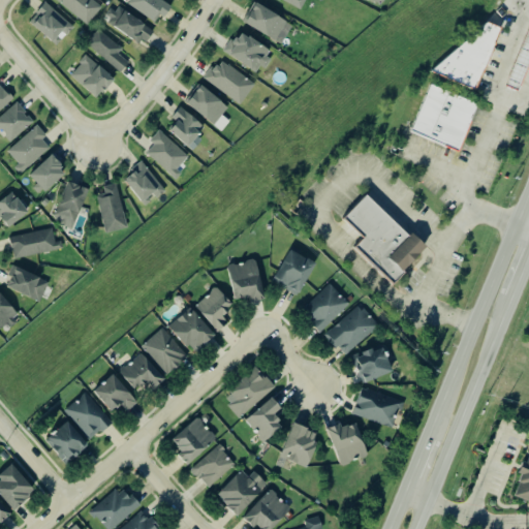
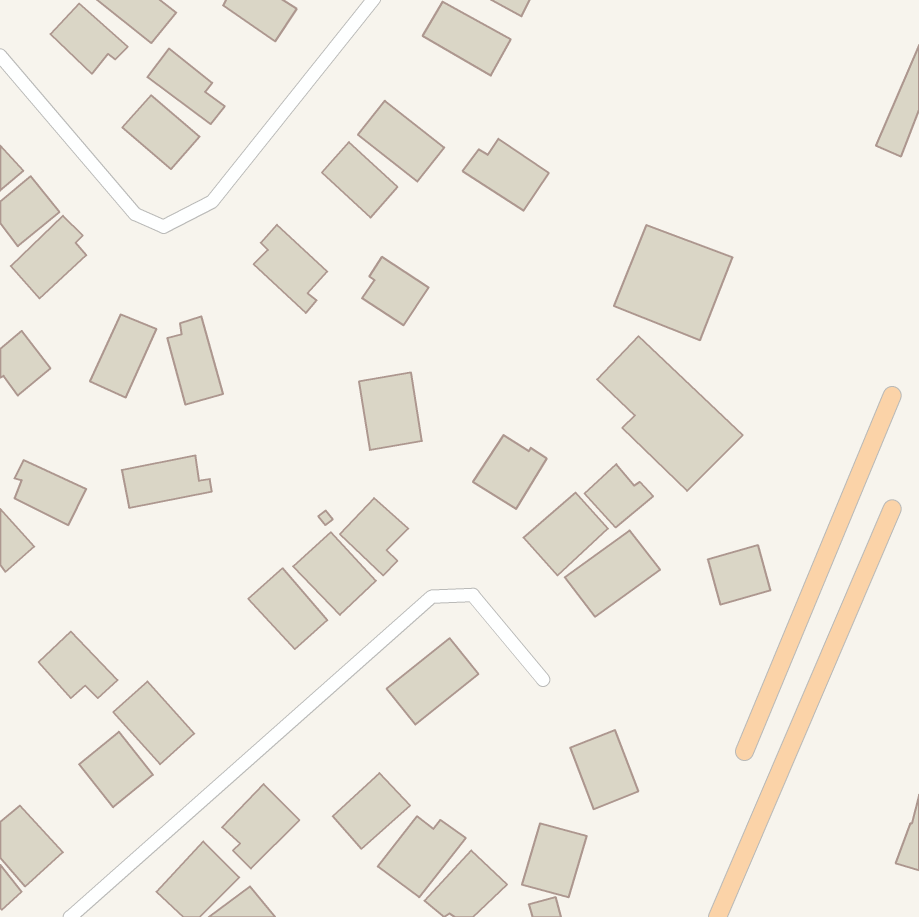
building: [105,4,155,45] -> none
building: [431,22,503,91] -> none
building: [223,31,273,72] -> [463,139,549,211]
building: [411,86,479,152] -> [614,225,733,340]
building: [167,106,206,146] -> [362,257,429,325]
building: [30,154,67,191] -> none
building: [123,162,166,200] -> none
building: [10,227,62,257] -> [122,456,212,508]
building: [229,258,266,303] -> [359,373,422,450]
building: none -> [585,464,653,527]
building: [356,347,393,381] -> [708,545,771,605]
building: [120,351,167,390] -> none
building: [94,373,139,411] -> [39,632,118,698]
building: [353,386,403,427] -> none
building: [246,396,284,442] -> none
building: [173,416,217,465] -> [222,784,299,869]
building: [282,424,319,466] -> [522,823,587,897]

